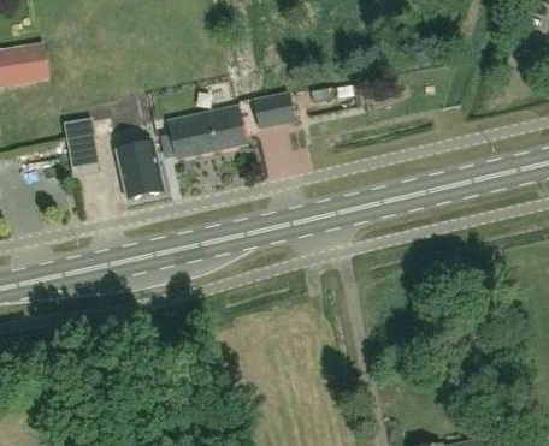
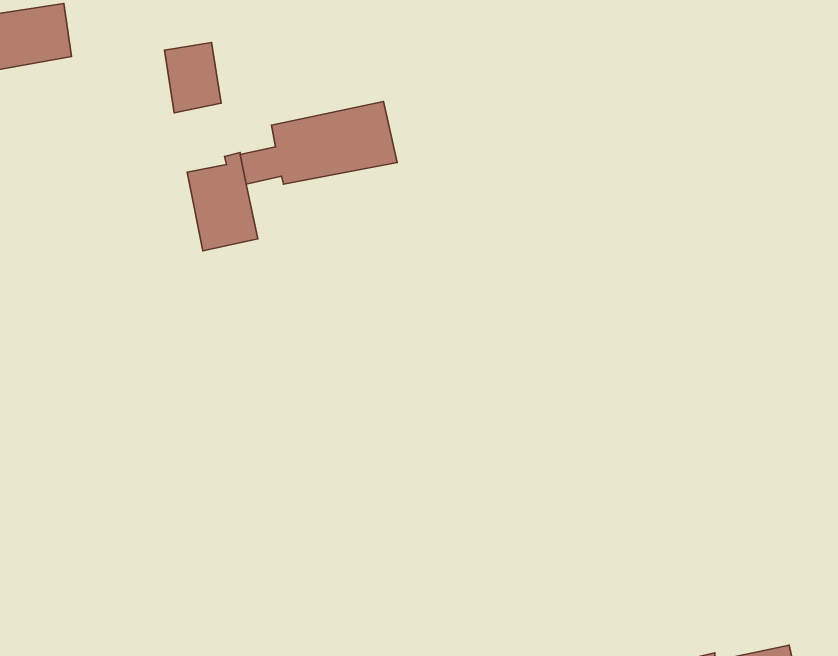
building: [253,94,293,126] -> none
building: [65,133,100,177] -> [164,42,221,113]

